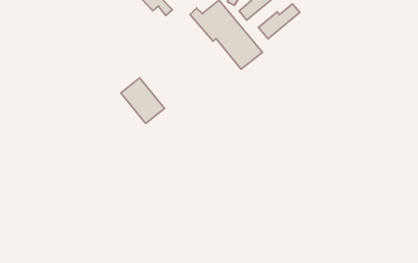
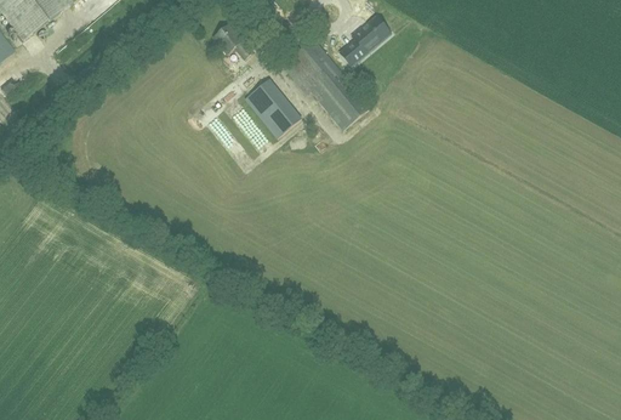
building: [259,4,300,39] -> none
building: [121,78,164,123] -> [244,78,301,137]

